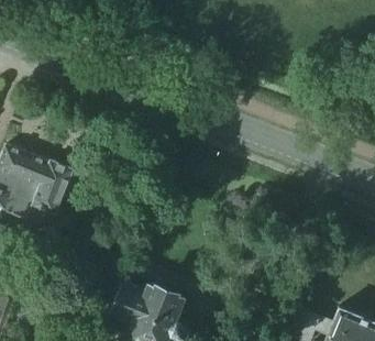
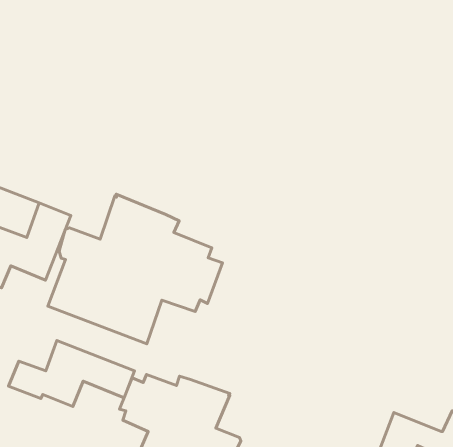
building: none -> [48,194,223,344]
building: none -> [8,341,134,407]

